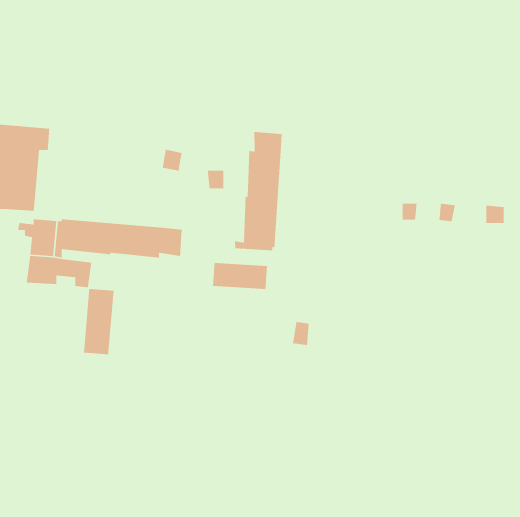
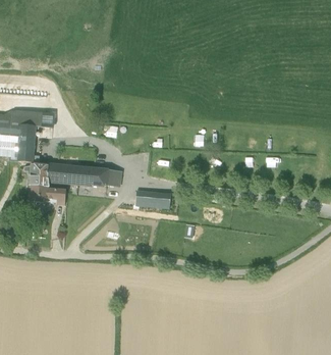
building: [234,131,282,251] -> none
building: [83,288,114,355] -> none

